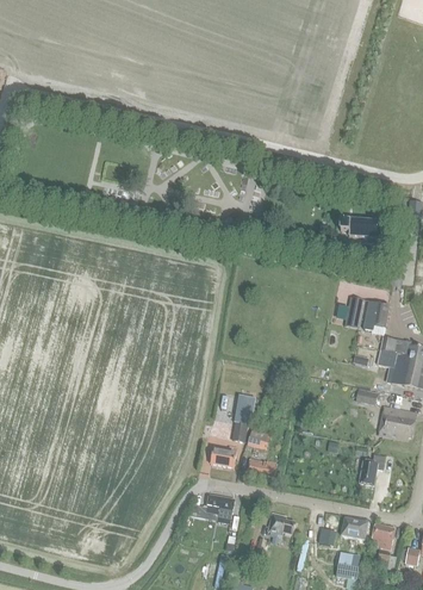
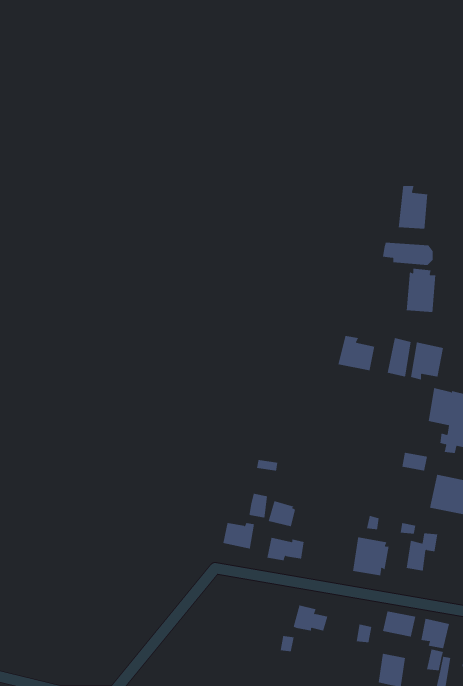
building: none -> [398,185,428,230]
building: none -> [406,268,436,313]
building: none -> [338,335,375,371]
building: none -> [352,537,389,576]
building: [205,492,234,521] -> none

